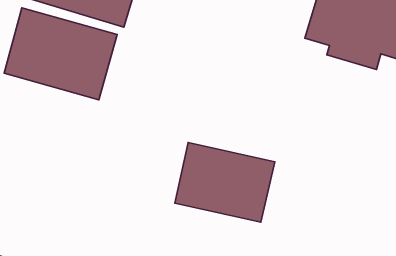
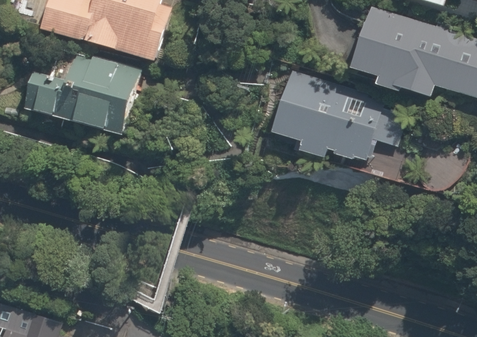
building: none -> [274,80,406,169]
building: [175,142,275,222] -> none

